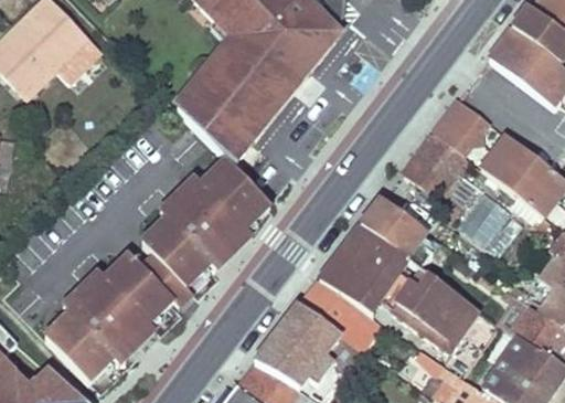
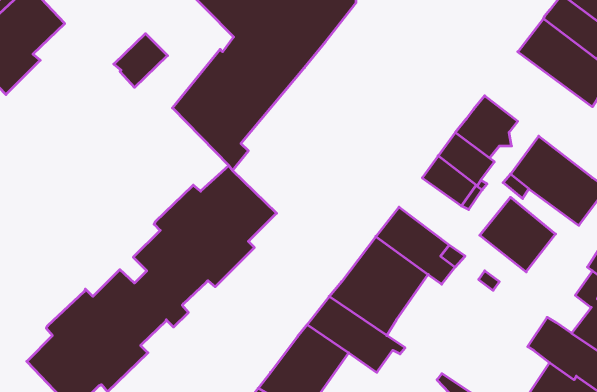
building: [52,32,100,81] -> [114,34,168,87]
building: [392,267,479,350] -> none

